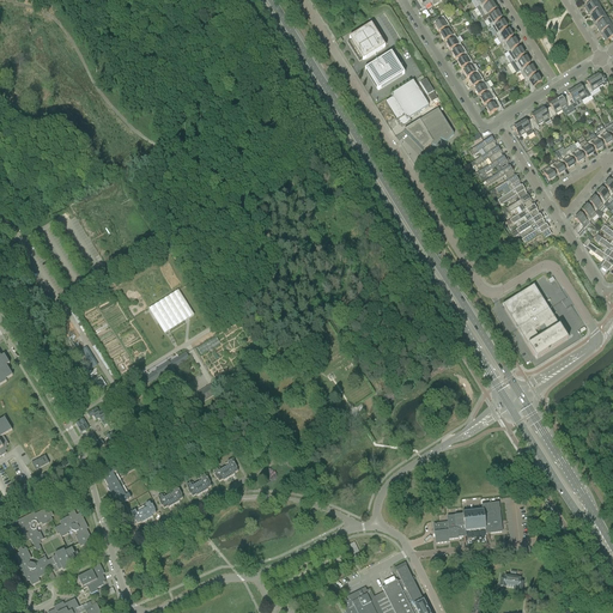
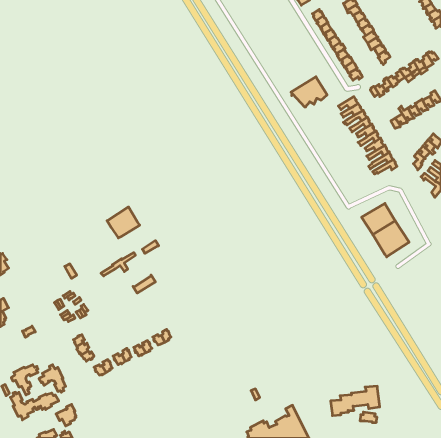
building: [347,22,387,57] -> none
building: [364,44,405,89] -> none
building: [384,79,429,123] -> none
building: [433,500,502,541] -> [331,386,380,416]

